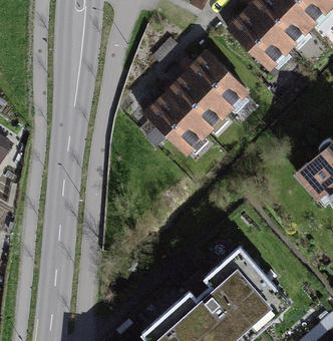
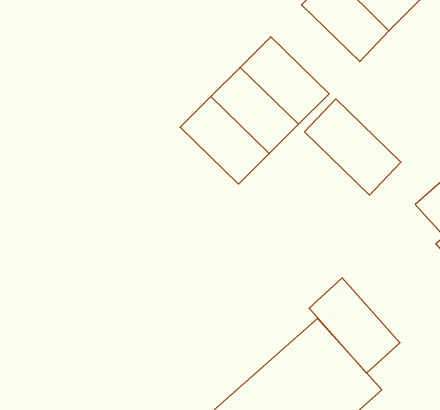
building: none -> [305,99,401,195]
building: none -> [309,278,400,373]

